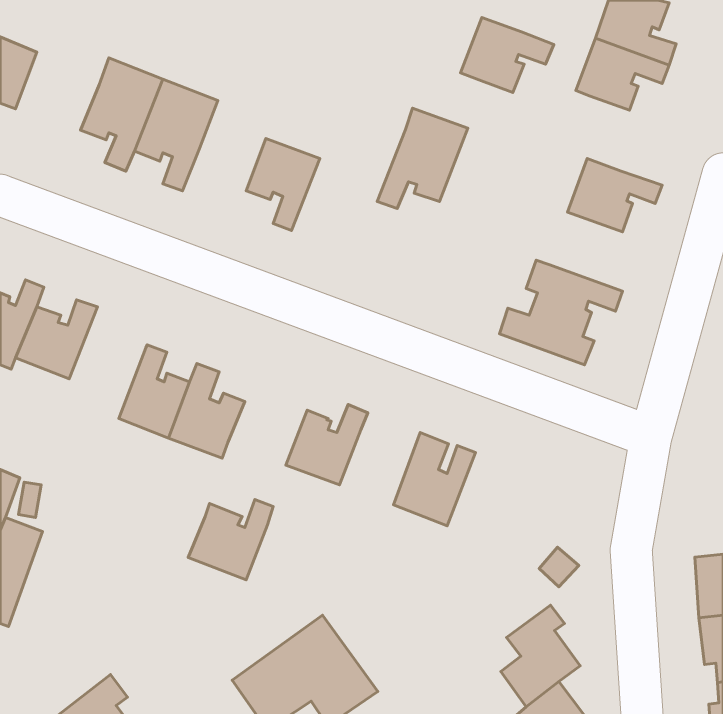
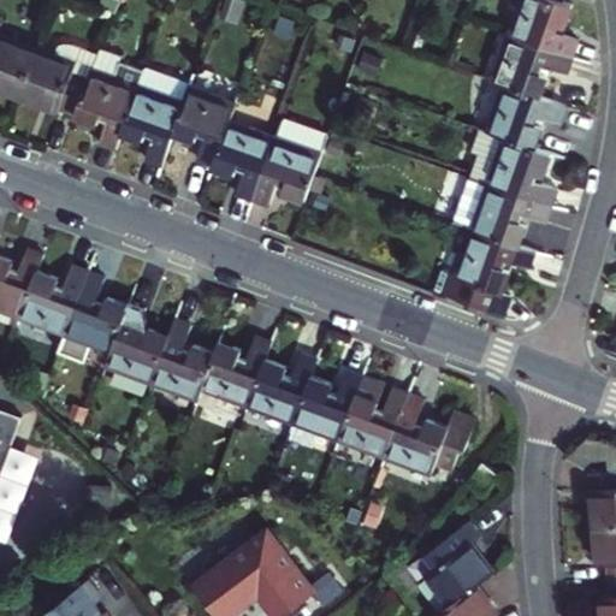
building: [461,18,554,93] -> [484,89,563,153]
building: none -> [13,52,84,118]
building: none -> [170,72,241,170]
building: [377,108,468,209] -> [248,124,325,209]
building: none -> [467,188,535,255]
building: none -> [59,268,124,348]
building: none -> [289,369,357,437]
building: none -> [380,392,472,478]
building: [188,499,273,580] -> [194,334,266,403]

